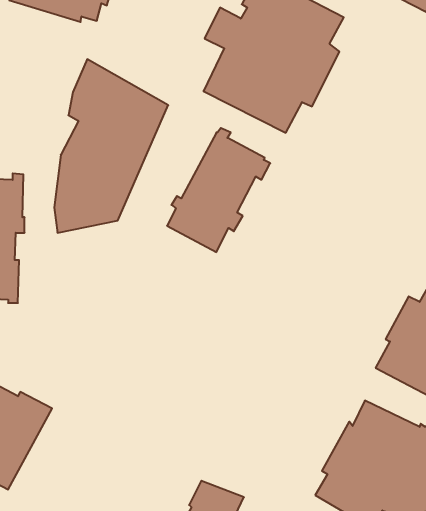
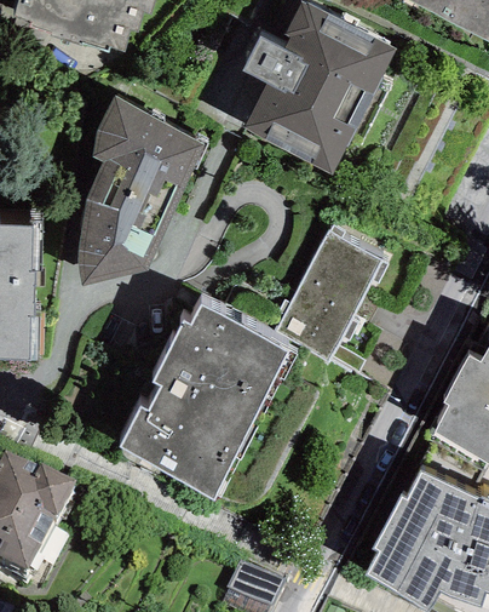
building: [167,128,270,252] -> [274,224,387,361]
building: none -> [117,304,295,496]

